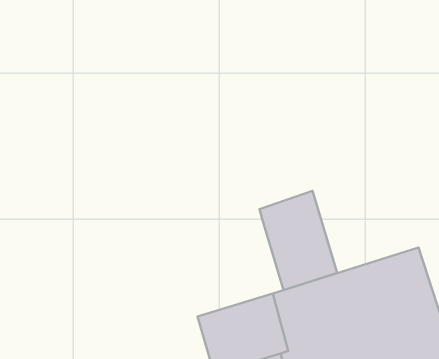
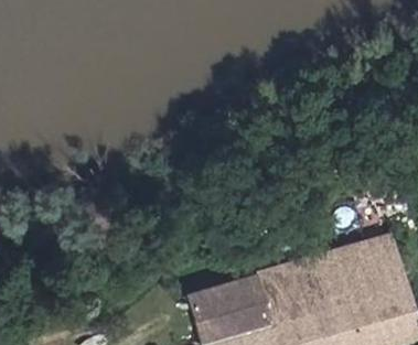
building: [260,191,337,290] -> none

